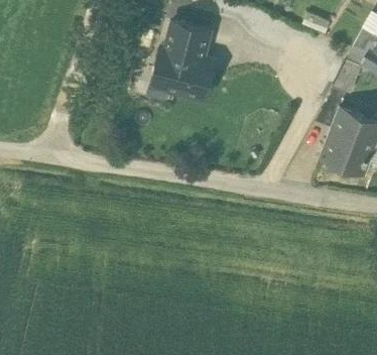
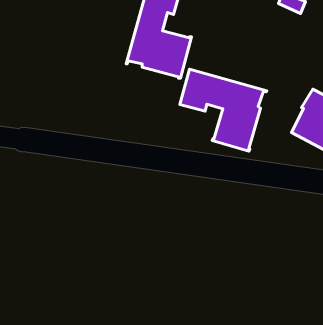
building: none -> [180,69,267,151]

